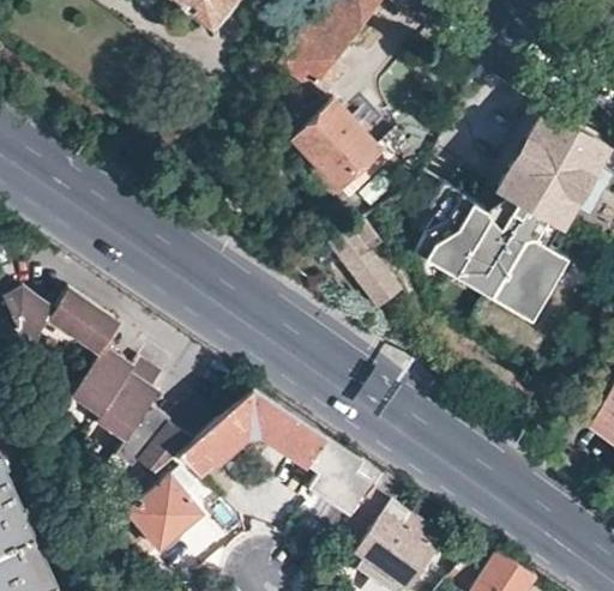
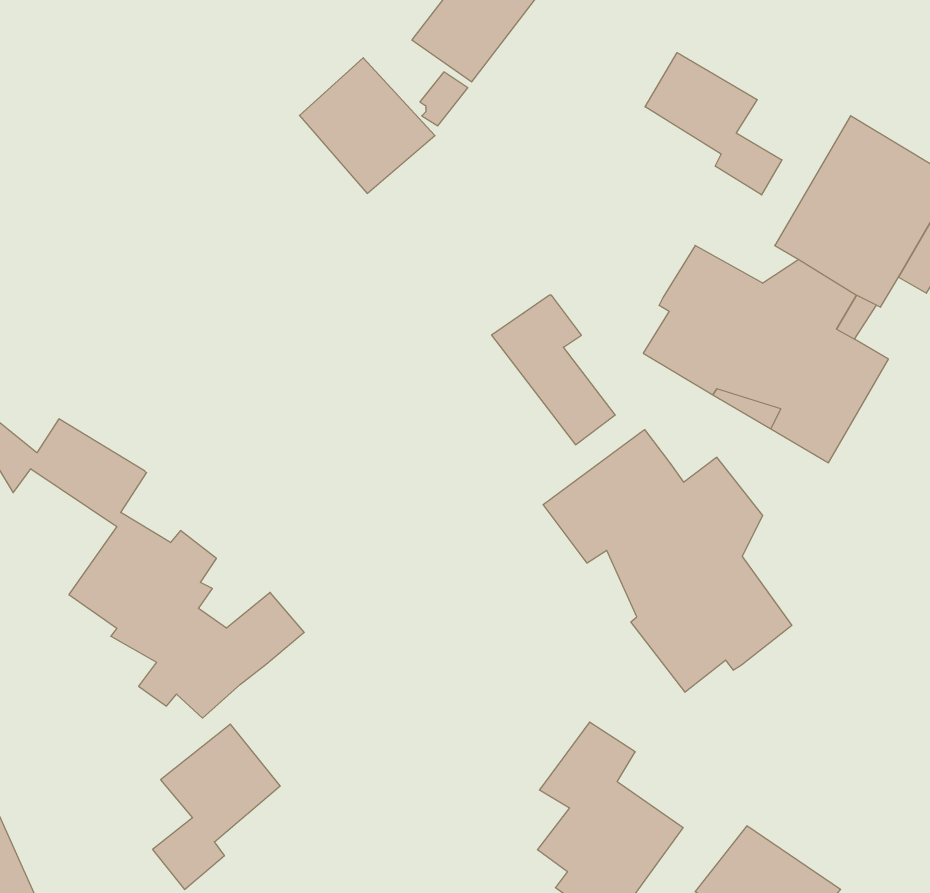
building: none -> [645,53,782,195]
building: [296,103,378,185] -> [299,58,435,193]
building: none -> [543,430,792,692]
building: [177,390,373,517] -> none

